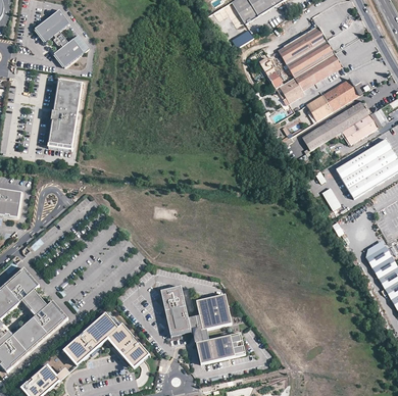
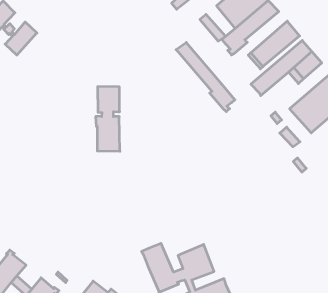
building: [46,79,80,149] -> [96,87,120,151]
building: none -> [176,42,235,112]

